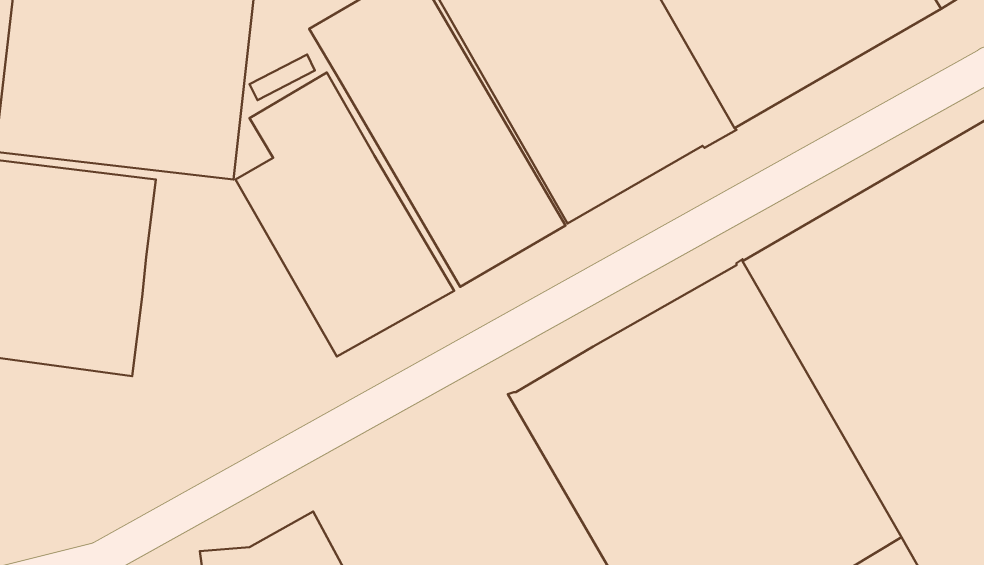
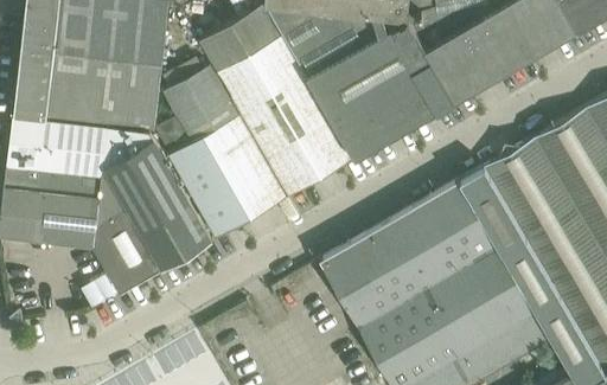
building: none -> [94,133,216,295]

